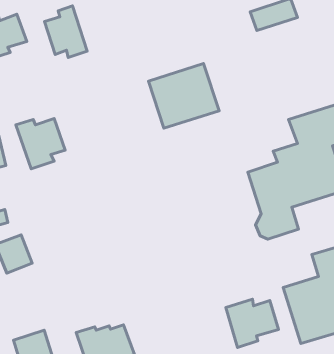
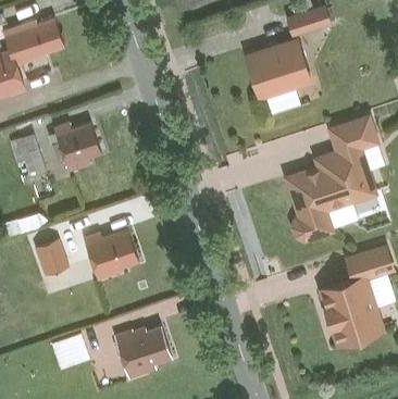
building: [44,6,87,57] -> none
building: [149,64,219,128] -> [244,37,313,101]
building: none -> [85,232,138,280]
building: [226,299,278,347] -> none

